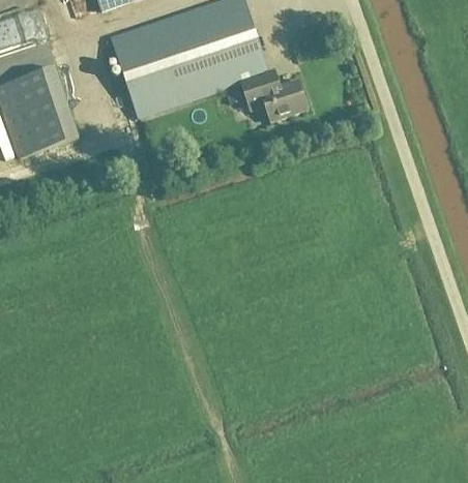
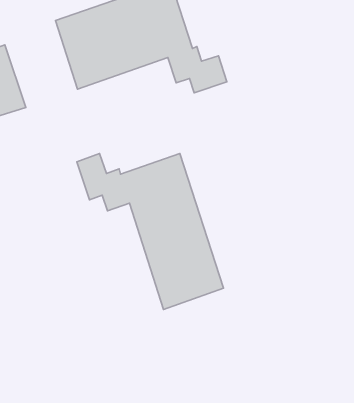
building: none -> [77,153,223,310]

